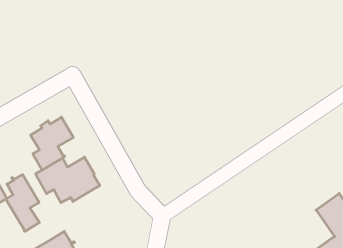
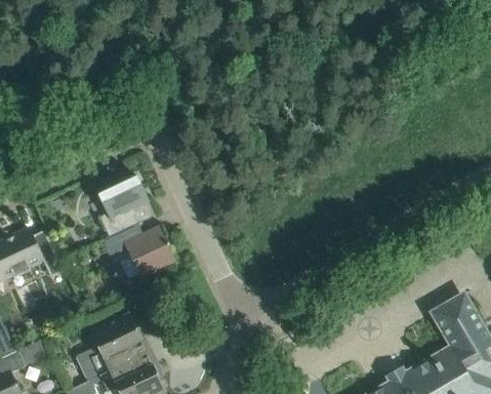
building: [6,175,39,231] -> none

